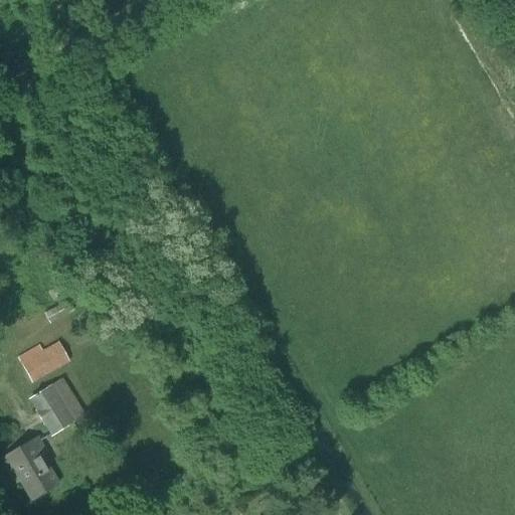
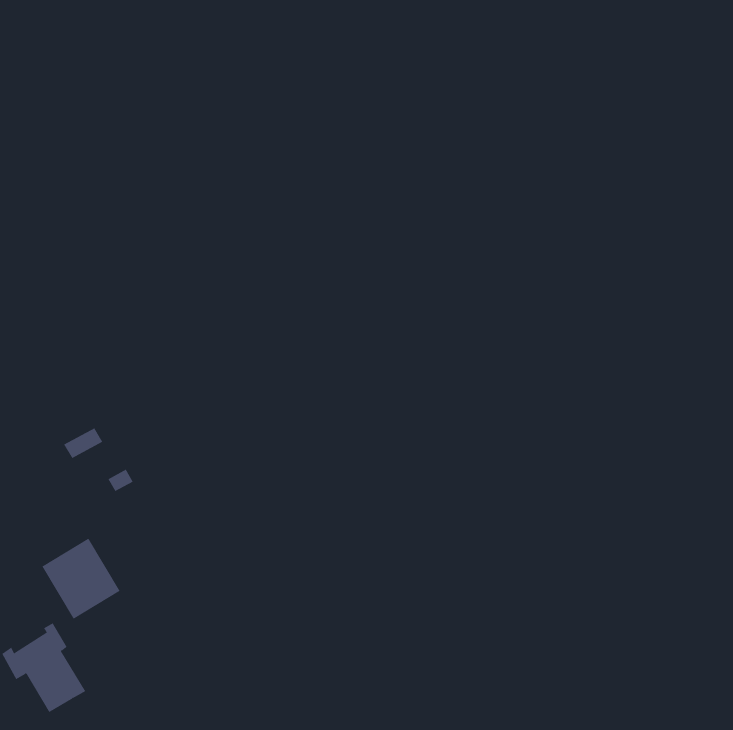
building: [17,341,69,383] -> none

